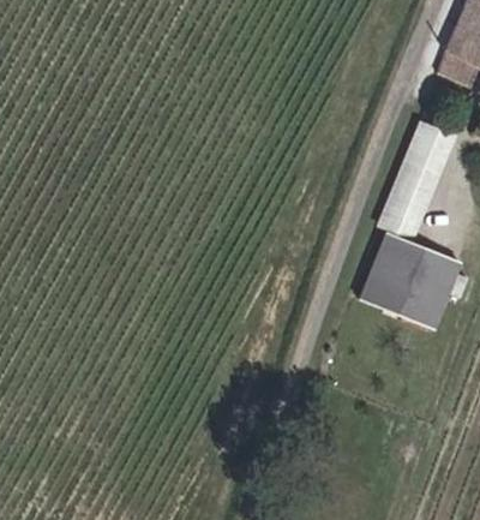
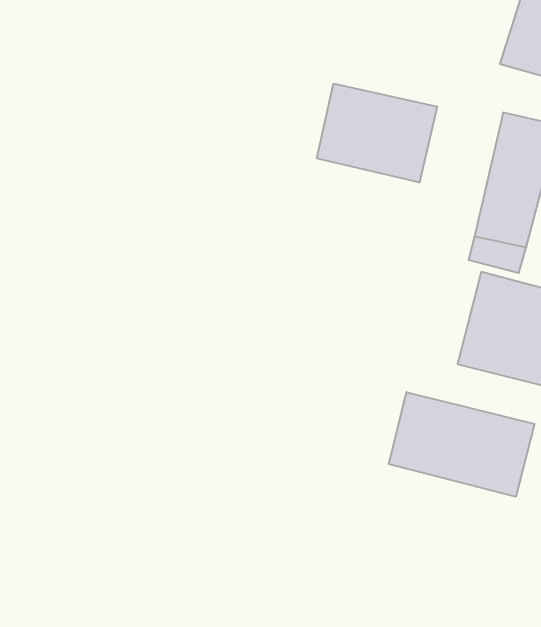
building: none -> [317,84,437,182]
building: none -> [389,392,534,497]

